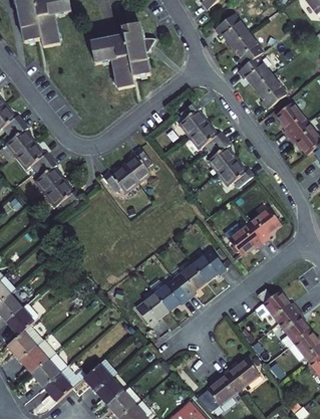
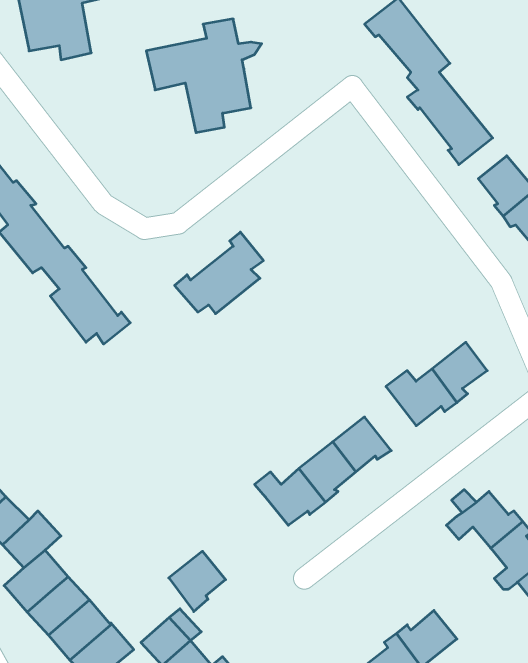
building: [176,97,250,183] -> none
building: [134,292,167,327] -> [169,551,226,612]

